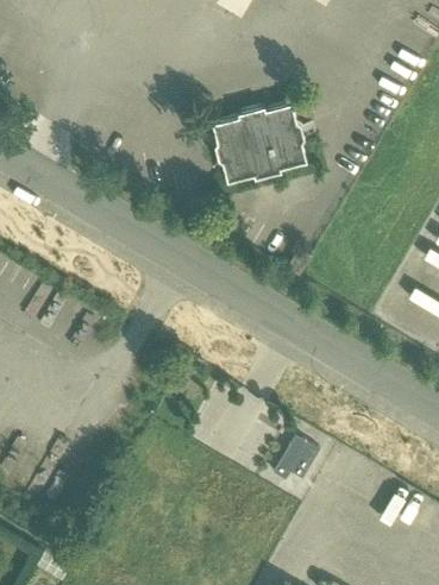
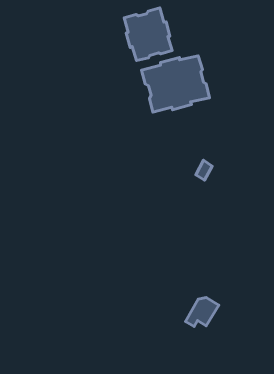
building: none -> [124,8,172,61]

